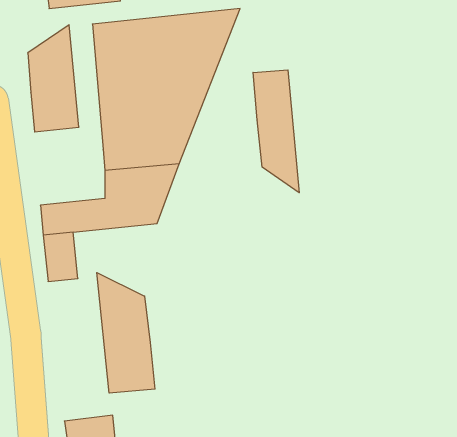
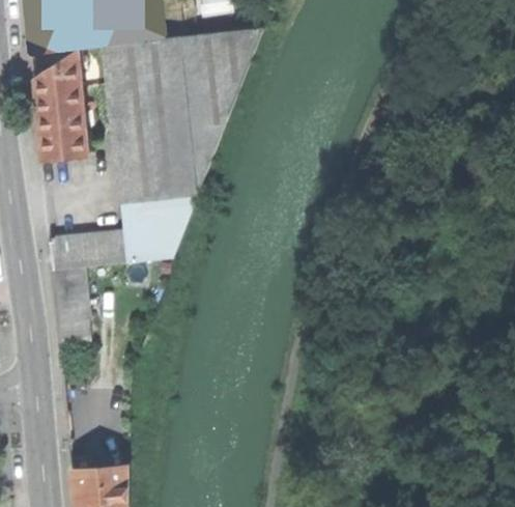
building: [253,70,299,193] -> none
building: [97,273,155,393] -> none

